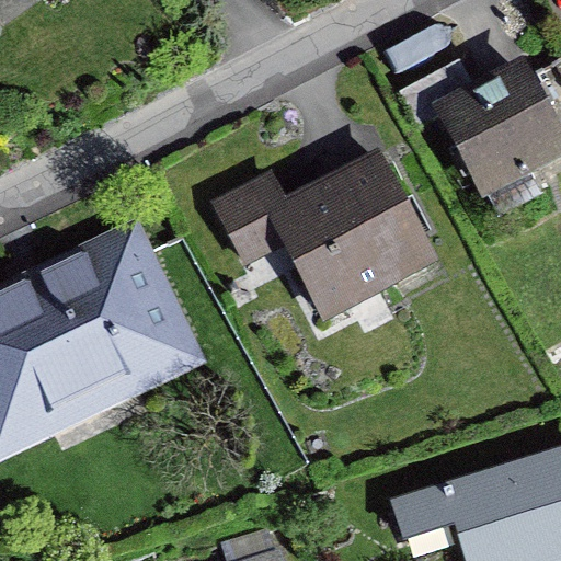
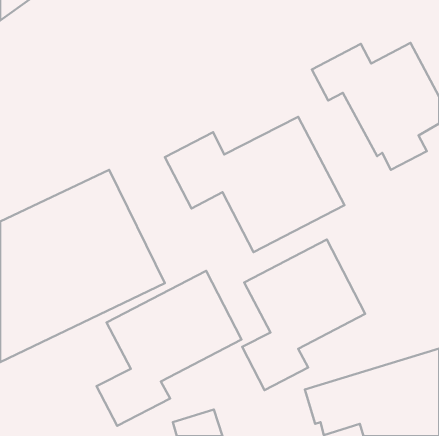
building: none -> [242,239,365,390]
building: none -> [97,271,241,426]

